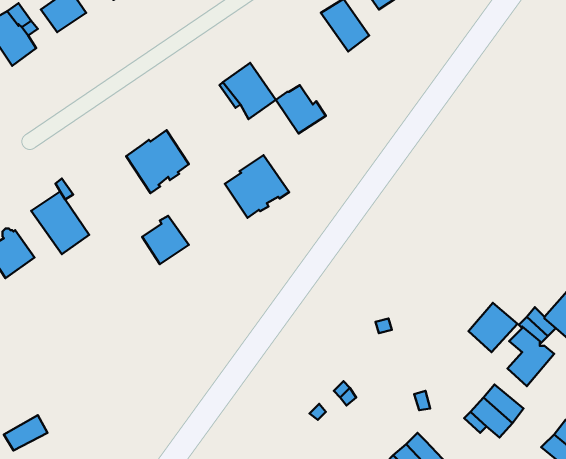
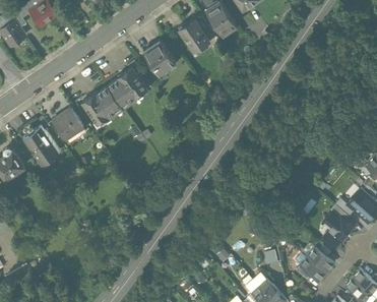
building: [276,85,326,134] -> [179,19,210,50]
building: [225,155,289,218] -> [108,67,148,107]
building: [142,216,189,264] -> [53,108,82,138]
building: [468,303,518,352] -> none

